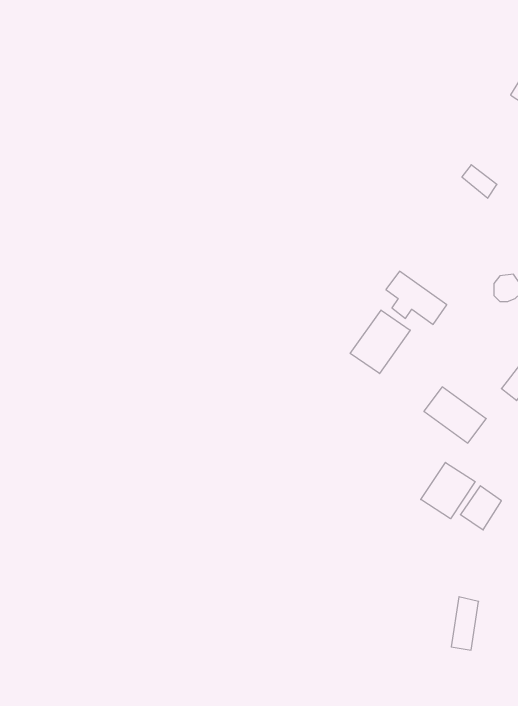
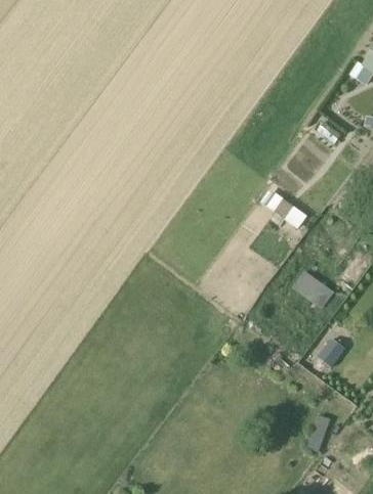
building: [350,310,410,374] -> none
building: [421,462,475,519] -> none

